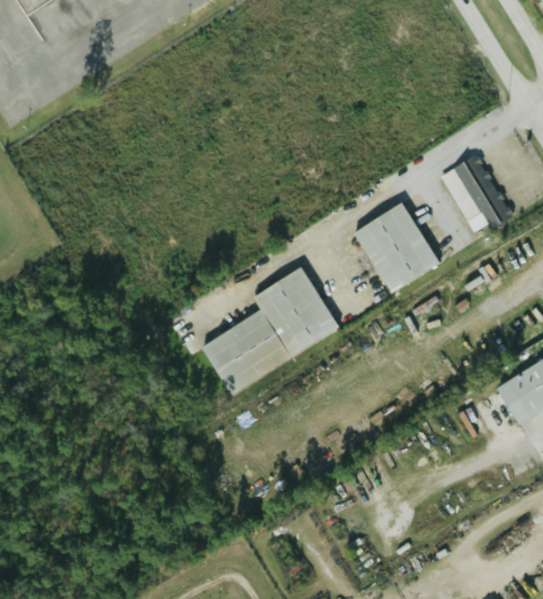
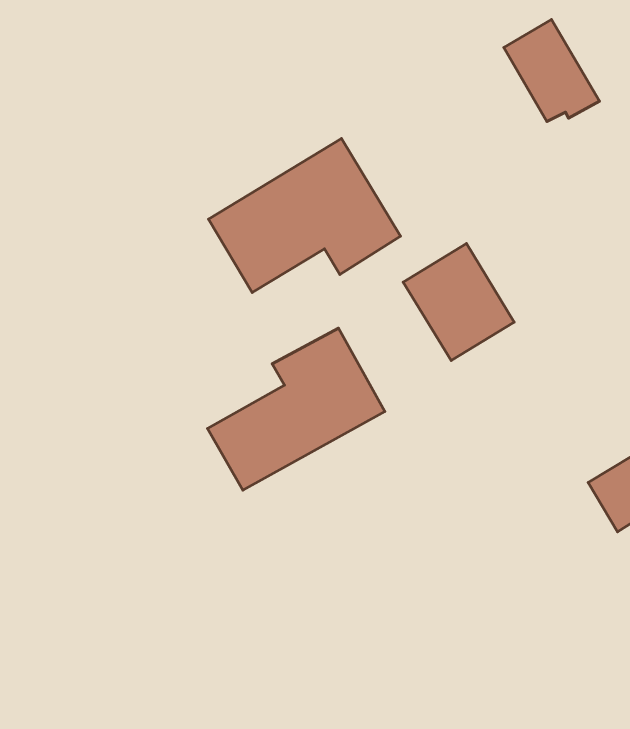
building: none -> [209,138,401,293]
building: [441,154,514,232] -> [504,20,599,121]

